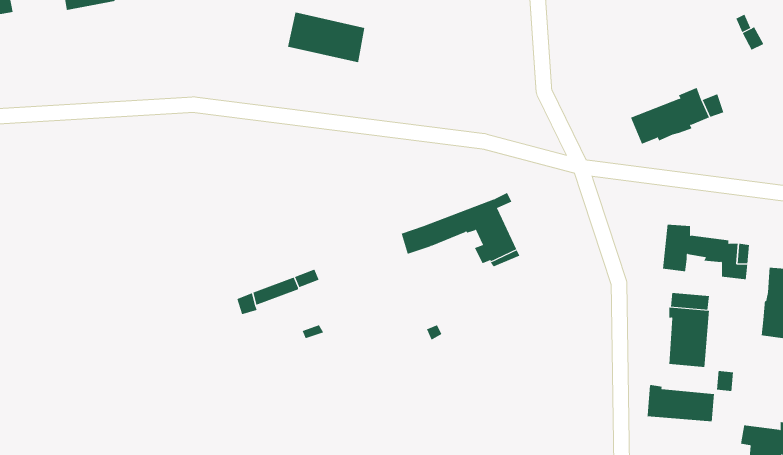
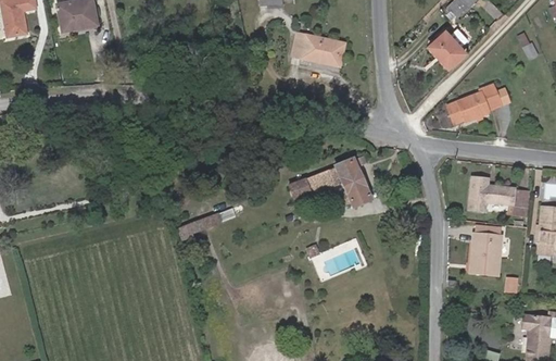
building: none -> [429,29,465,66]
building: [287,12,365,63] -> [291,32,344,66]
building: [647,384,714,422] -> none

